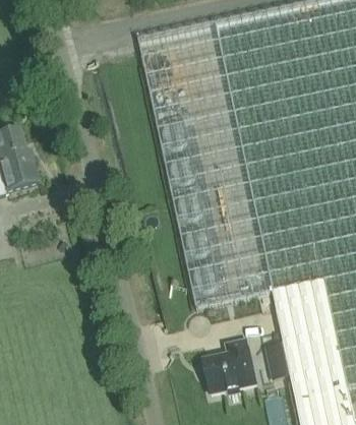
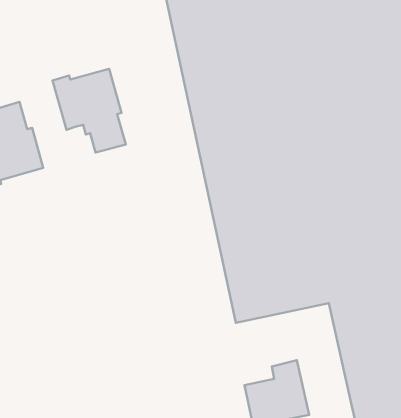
building: none -> [52,69,126,152]

